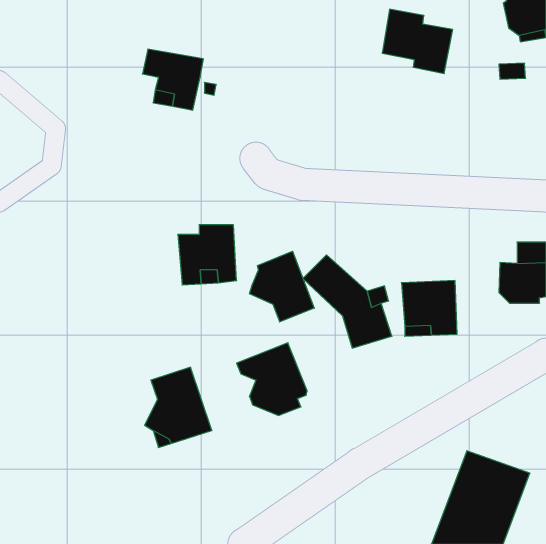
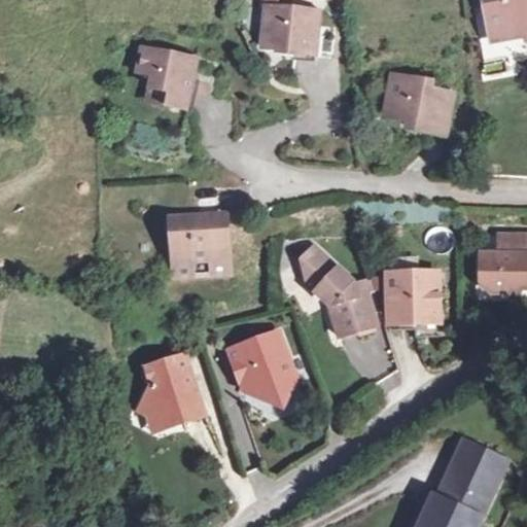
building: none -> [262,5,319,52]
building: [382,9,453,73] -> [385,72,453,134]
building: [250,251,314,322] -> none

